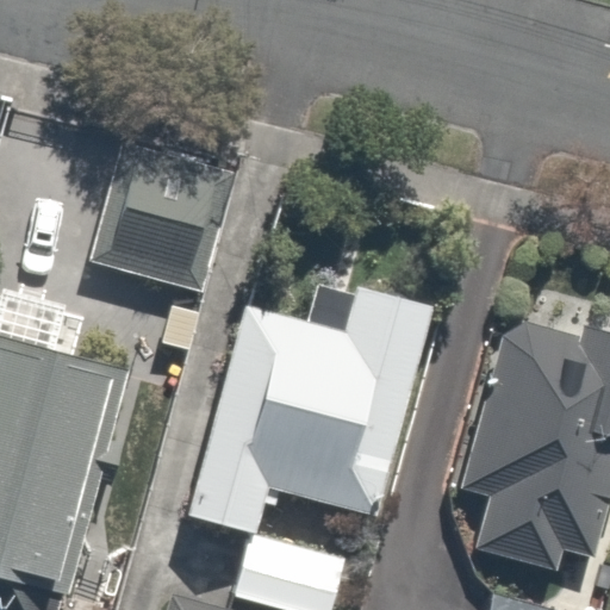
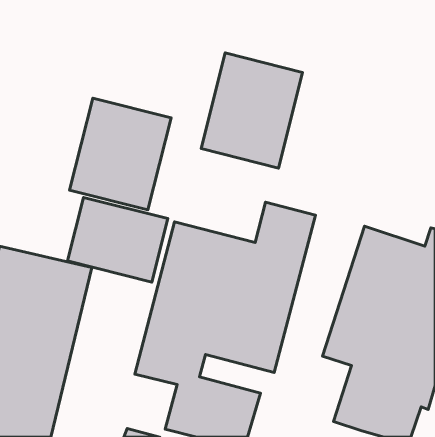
building: none -> [201,53,303,168]
building: none -> [68,197,168,282]

